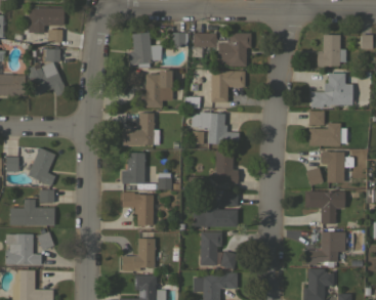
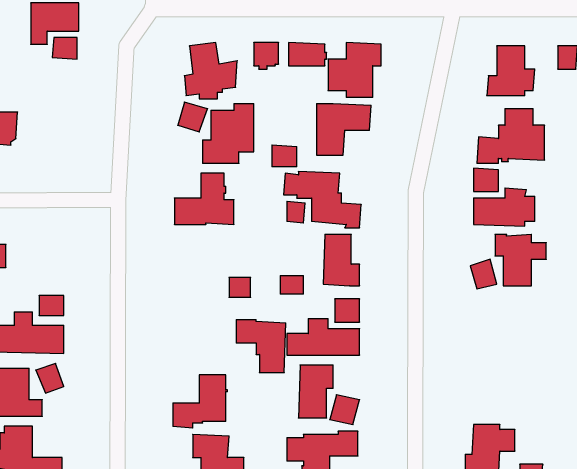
building: [26,49,67,96] -> none
building: [28,147,55,186] -> none
building: [122,153,144,185] -> none
building: [305,191,345,224] -> none
building: [123,192,154,225] -> [236,320,286,373]
building: [305,232,347,265] -> none

